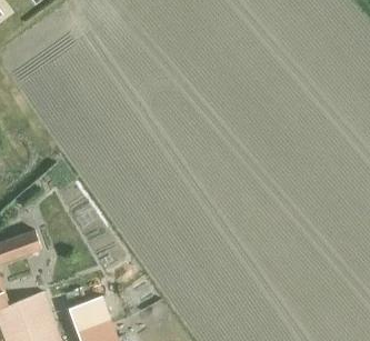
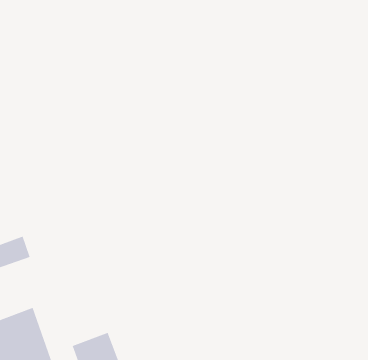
building: [68,292,109,327] -> none

